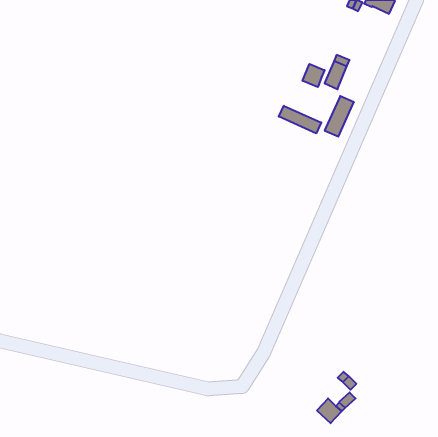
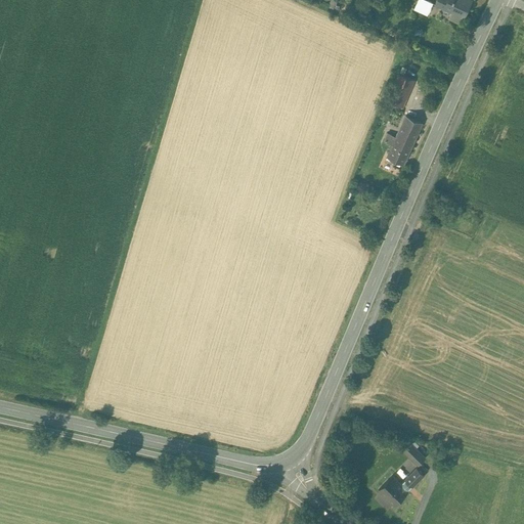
building: [303,64,325,87] -> none
building: [279,106,321,133] -> none

